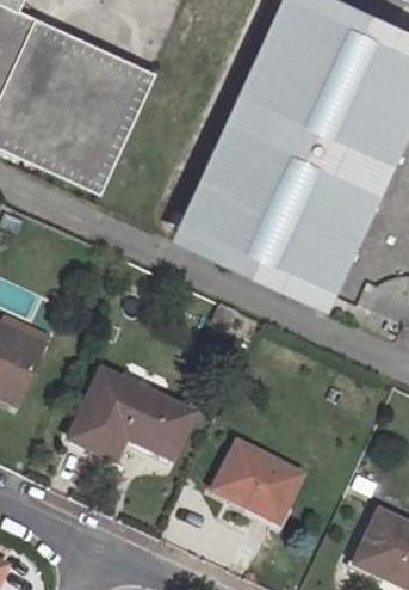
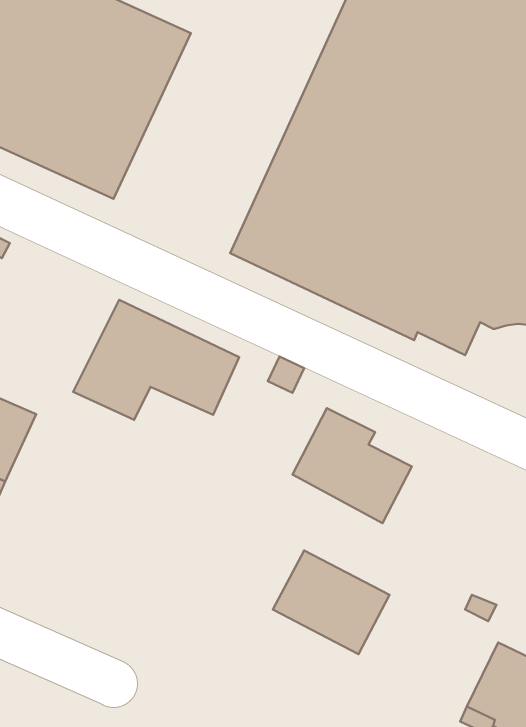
building: none -> [292,408,412,523]
building: [67,371,187,459] -> [73,300,239,420]

